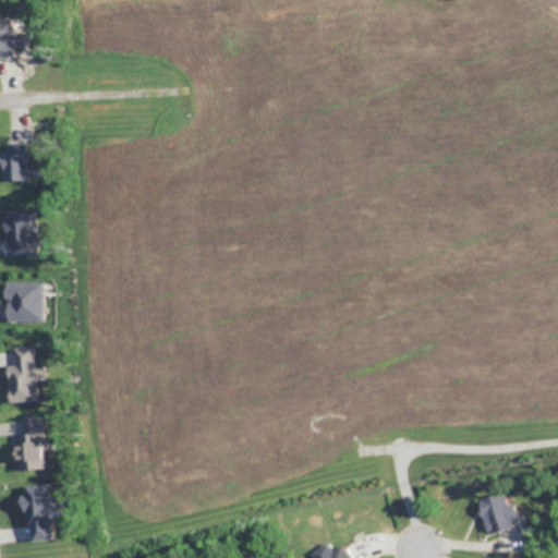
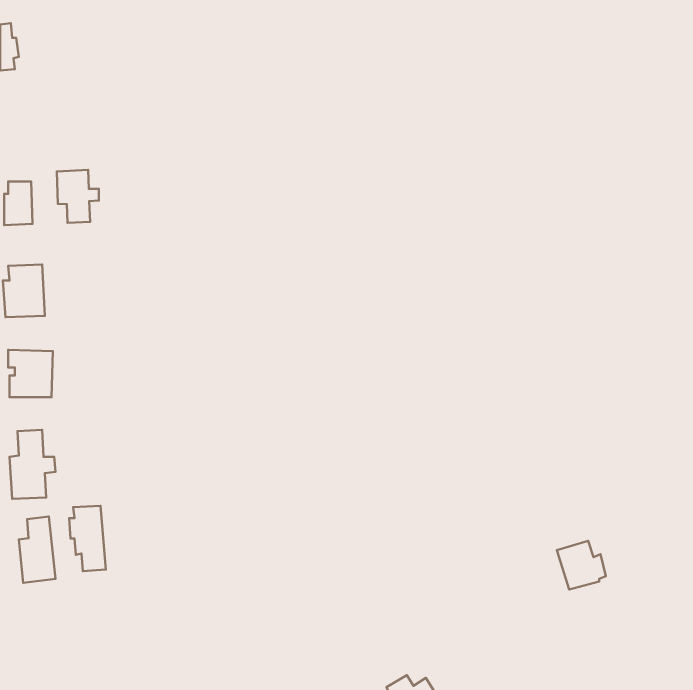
building: none -> [57,170,99,223]
building: [22,487,51,539] -> [69,506,106,571]
building: [480,494,519,533] -> [557,541,606,590]

